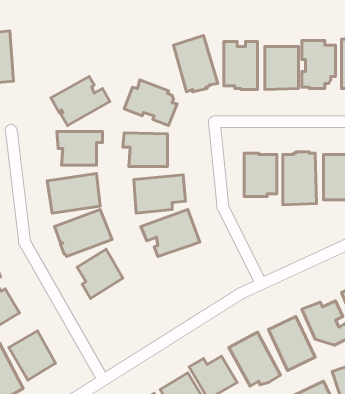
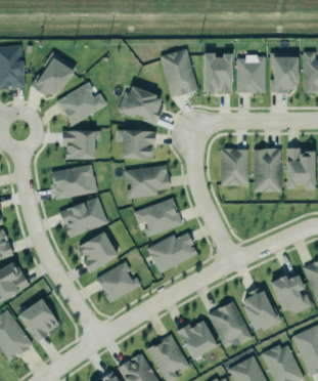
building: none -> [30,51,76,96]
building: none -> [146,232,196,273]
building: none -> [95,261,140,302]

